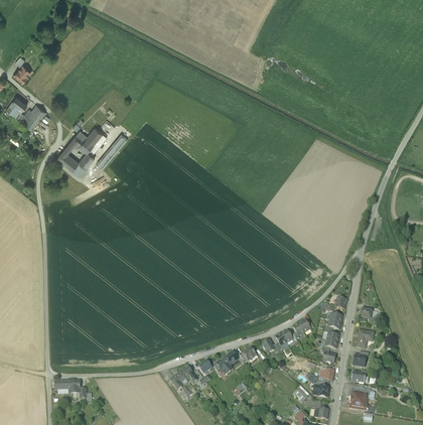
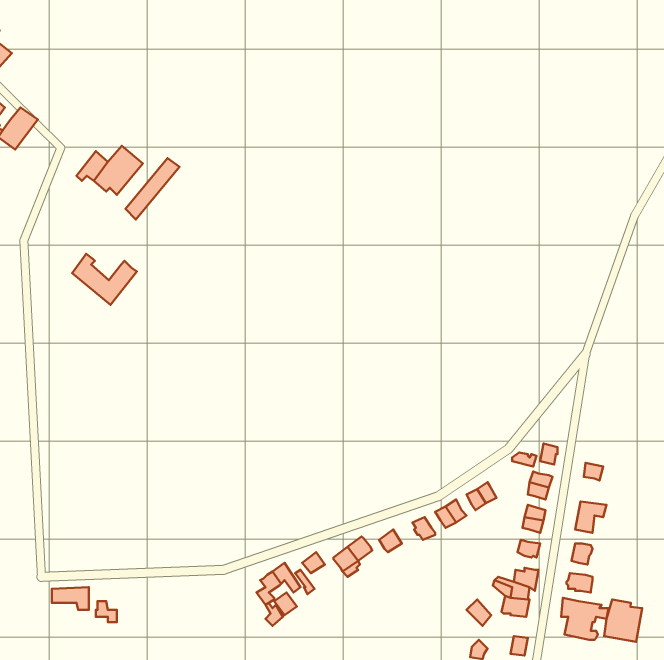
building: [57,146,95,175] -> [72,254,137,305]
building: none -> [604,600,642,642]

